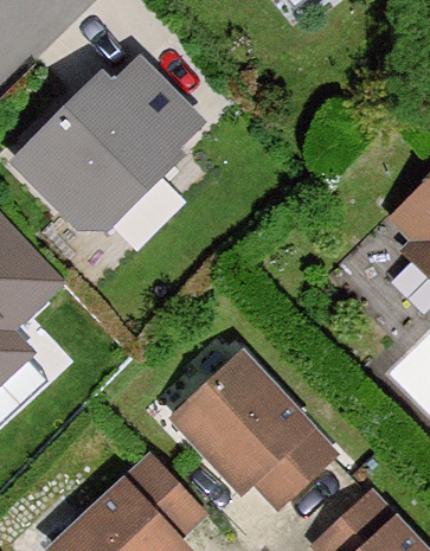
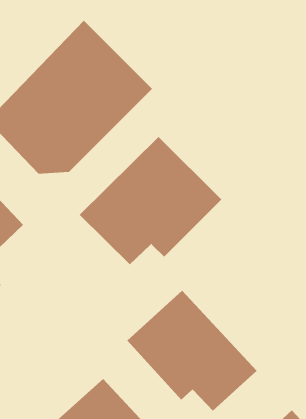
building: none -> [79,136,222,265]

